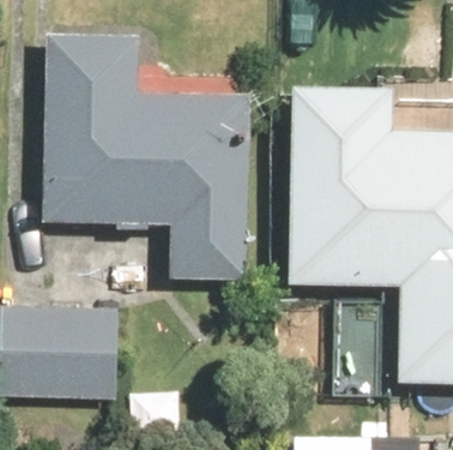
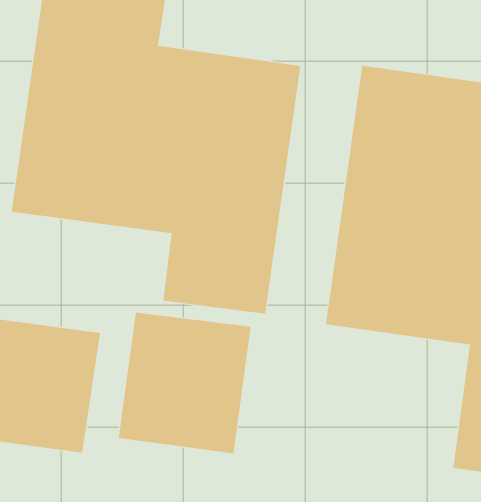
building: none -> [118,312,251,454]

